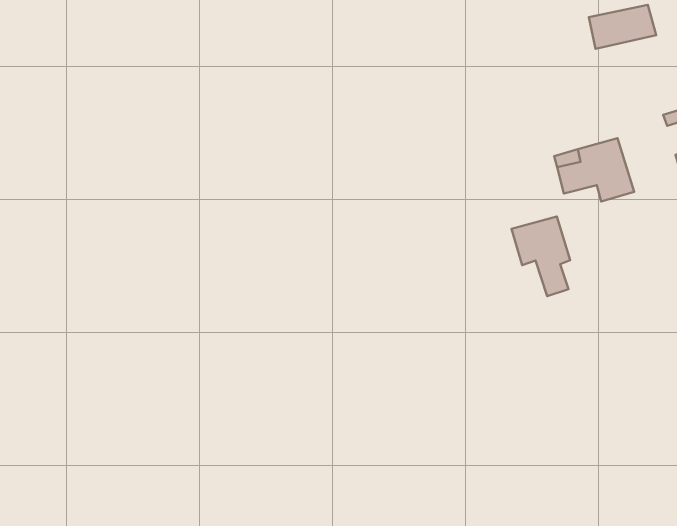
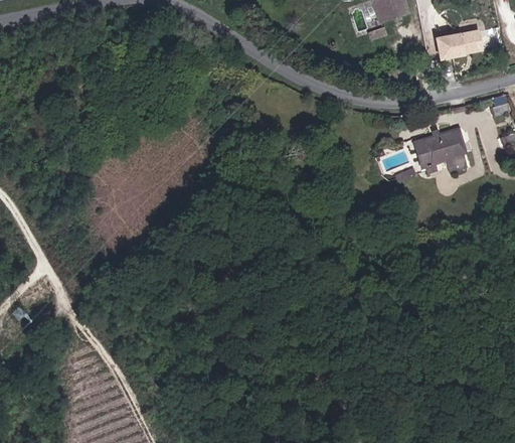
building: [511,216,570,296] -> none

